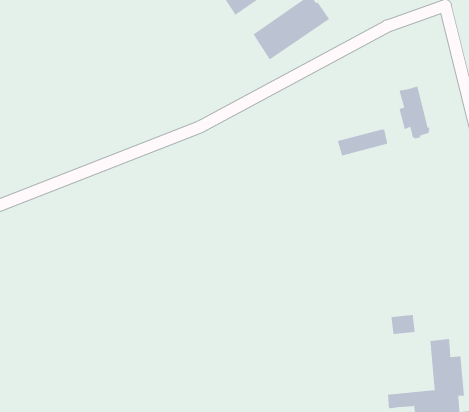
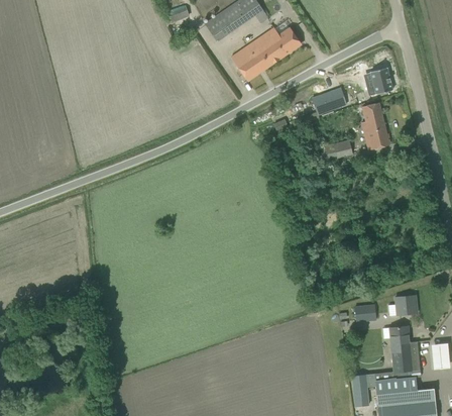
building: none -> [367,67,393,95]
building: none -> [313,88,347,114]
building: none -> [395,294,418,314]

